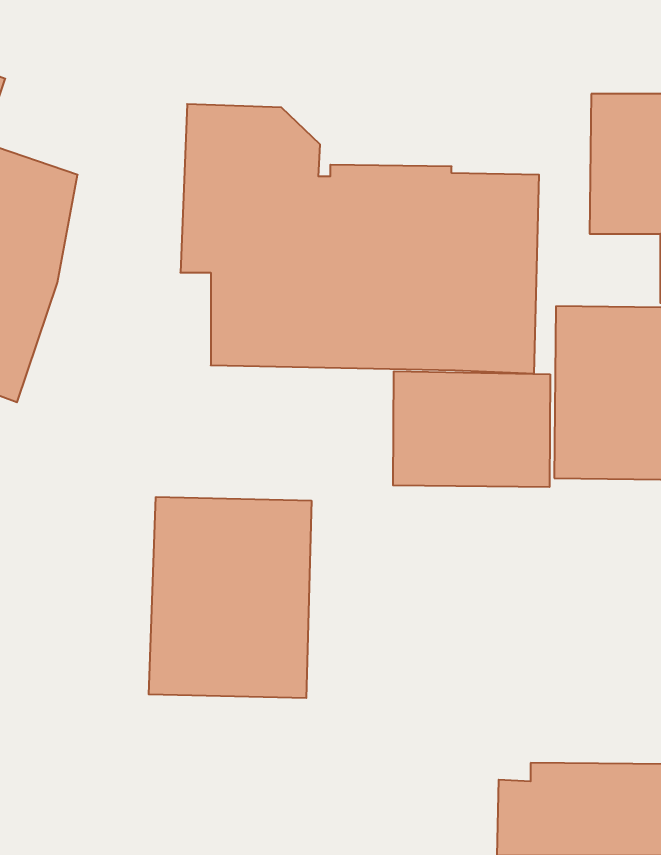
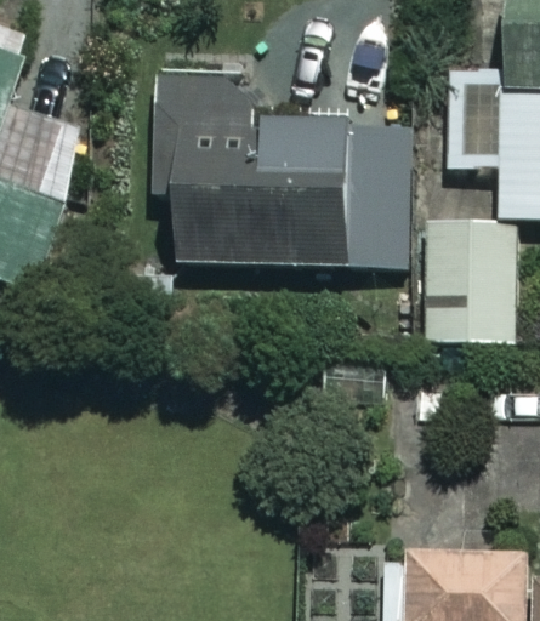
building: [393,371,550,487] -> none
building: [149,497,311,698] -> none

